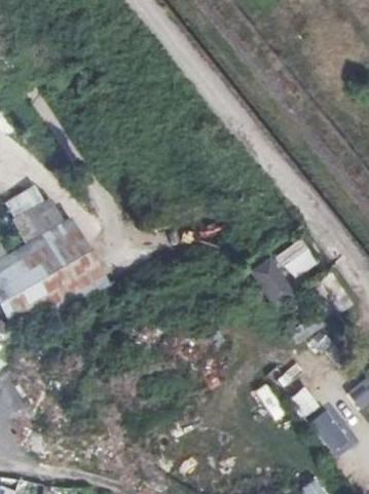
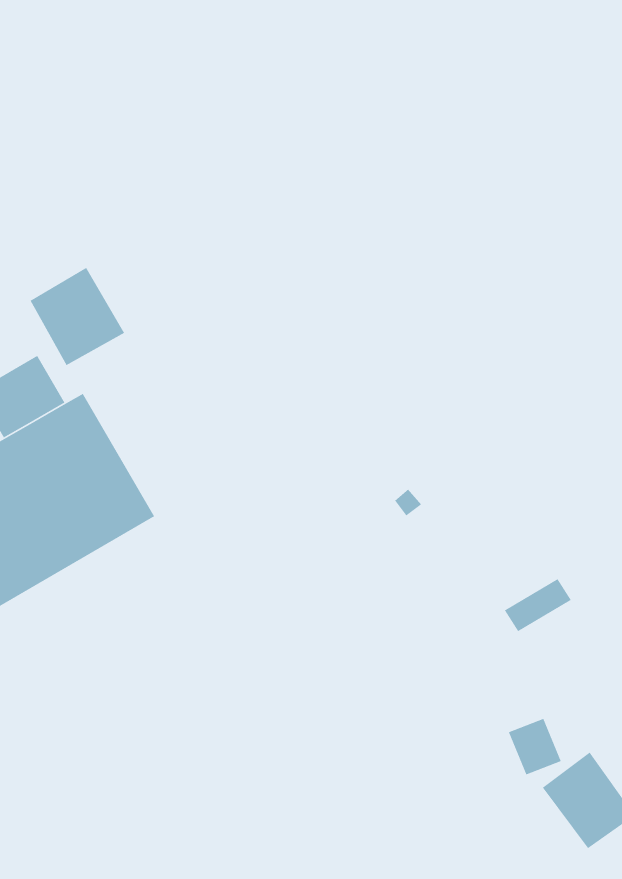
building: none -> [29,267,125,366]
building: [247,255,295,308] -> none

